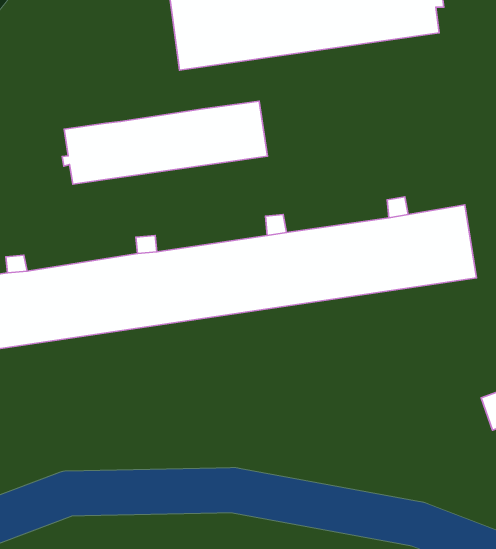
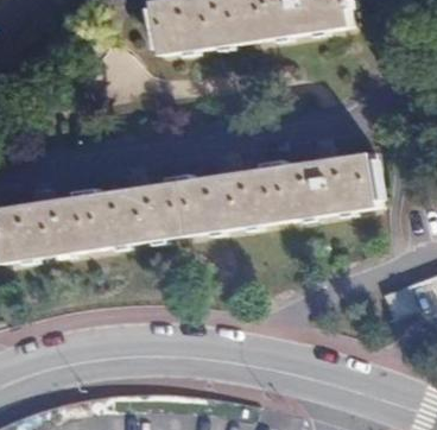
building: [62,101,268,184] -> none

